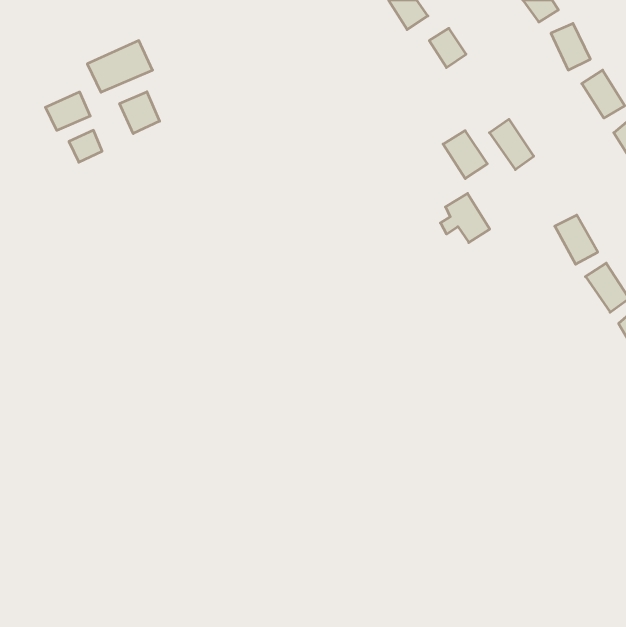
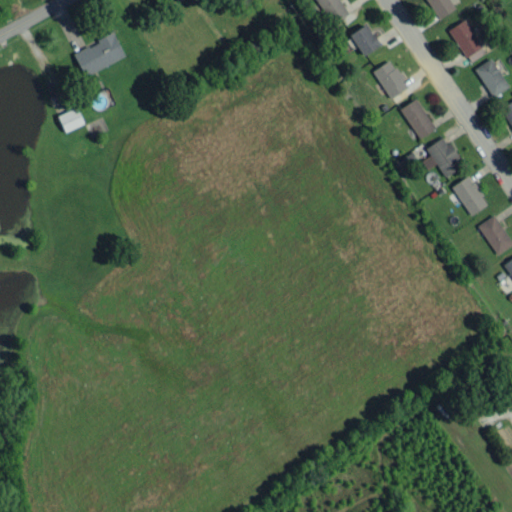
building: [120,92,160,134] -> none
building: [45,92,90,130] -> none
building: [443,131,487,179] -> [373,60,409,99]
building: [440,193,490,243] -> [423,137,463,177]

